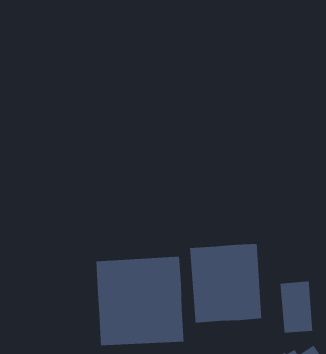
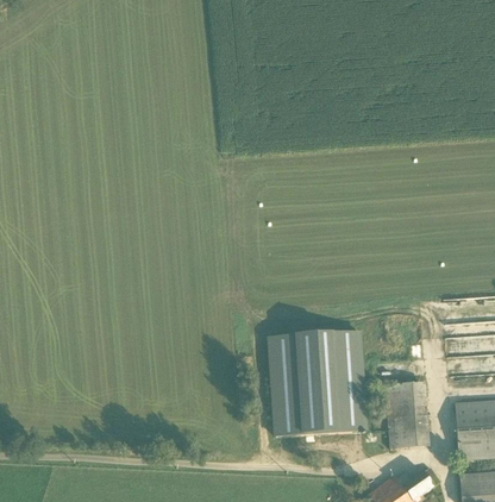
building: [96,256,184,346] -> none

